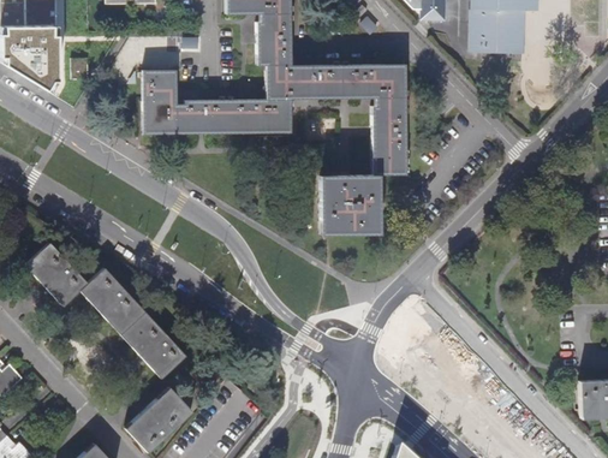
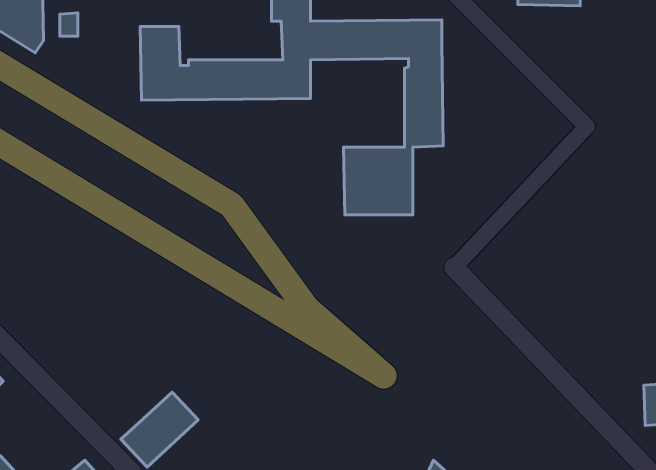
building: [25,243,185,377] -> none

